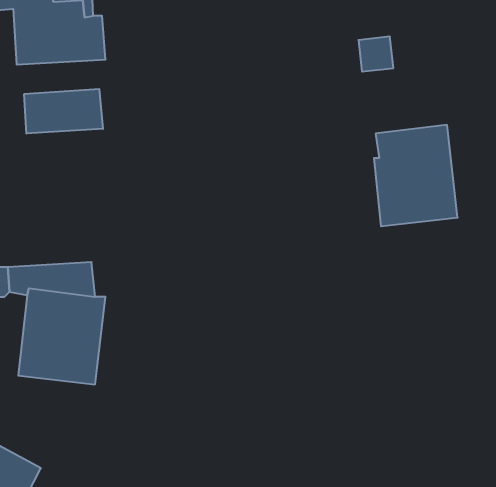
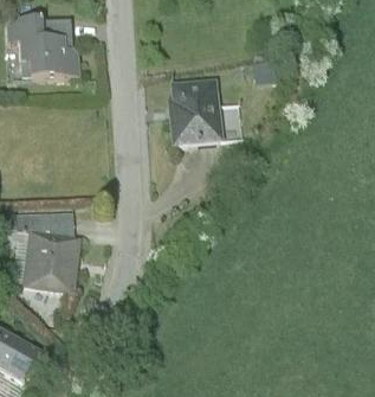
building: [24,89,103,134] -> none
building: [374,125,458,226] -> [167,77,224,146]

